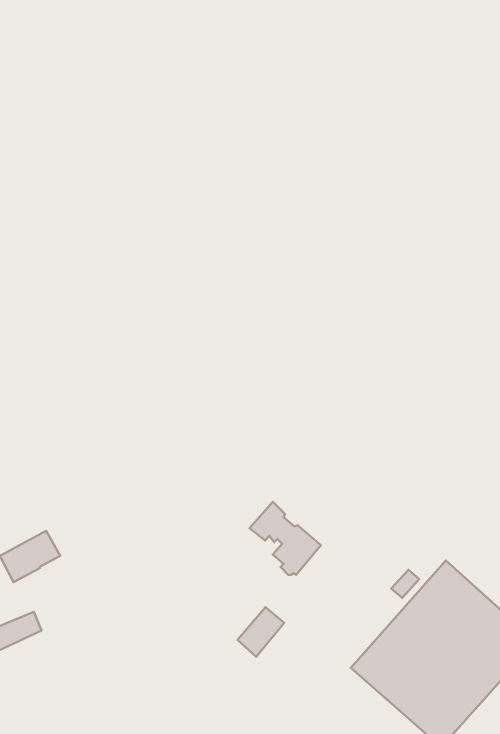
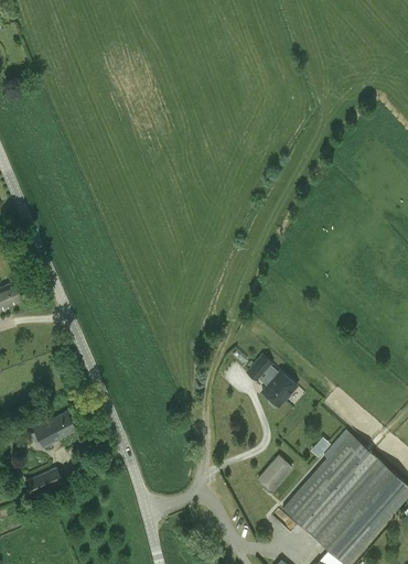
building: [249,502,321,575] -> [245,355,296,406]
building: [238,607,284,657] -> [257,456,290,491]

